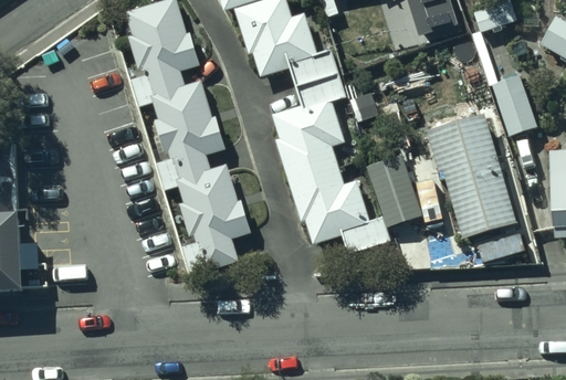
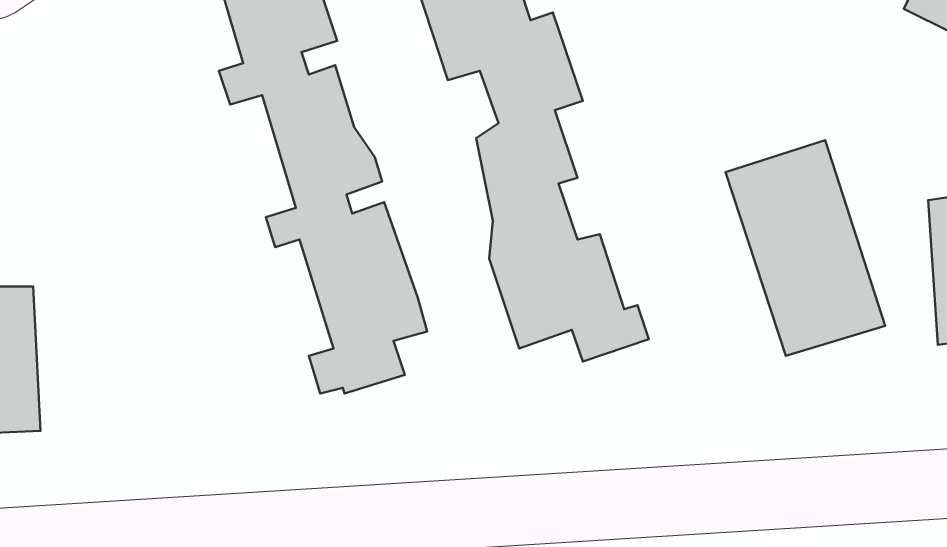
building: [488,74,538,138] -> none
building: [363,154,418,224] -> none

